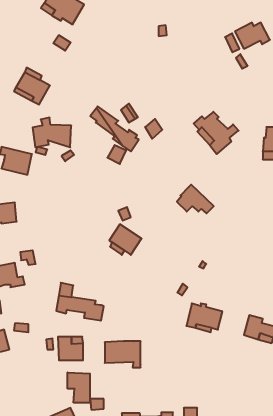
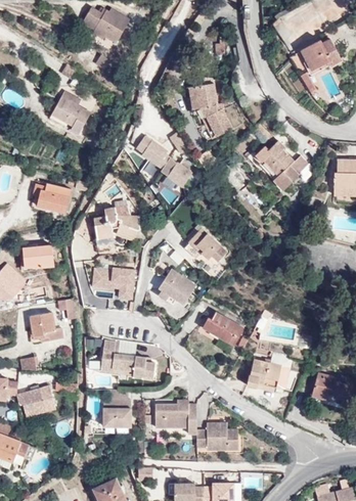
building: none -> [189,83,232,136]
building: [33,118,71,147] -> [95,207,139,240]
building: [177,185,214,213] -> [186,228,228,261]
building: none -> [92,267,135,300]
building: none -> [203,313,242,345]
building: none -> [195,421,236,448]
building: [68,372,90,403] -> none

